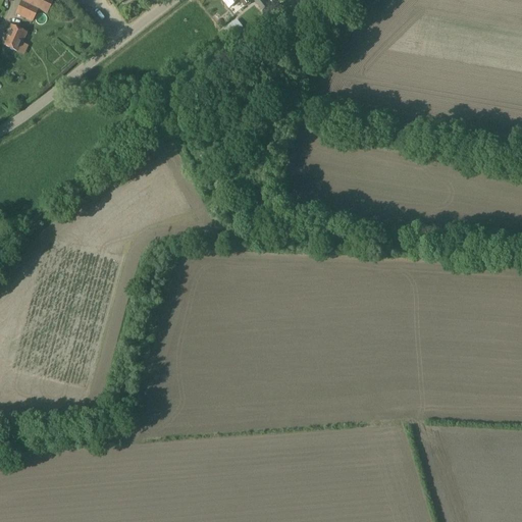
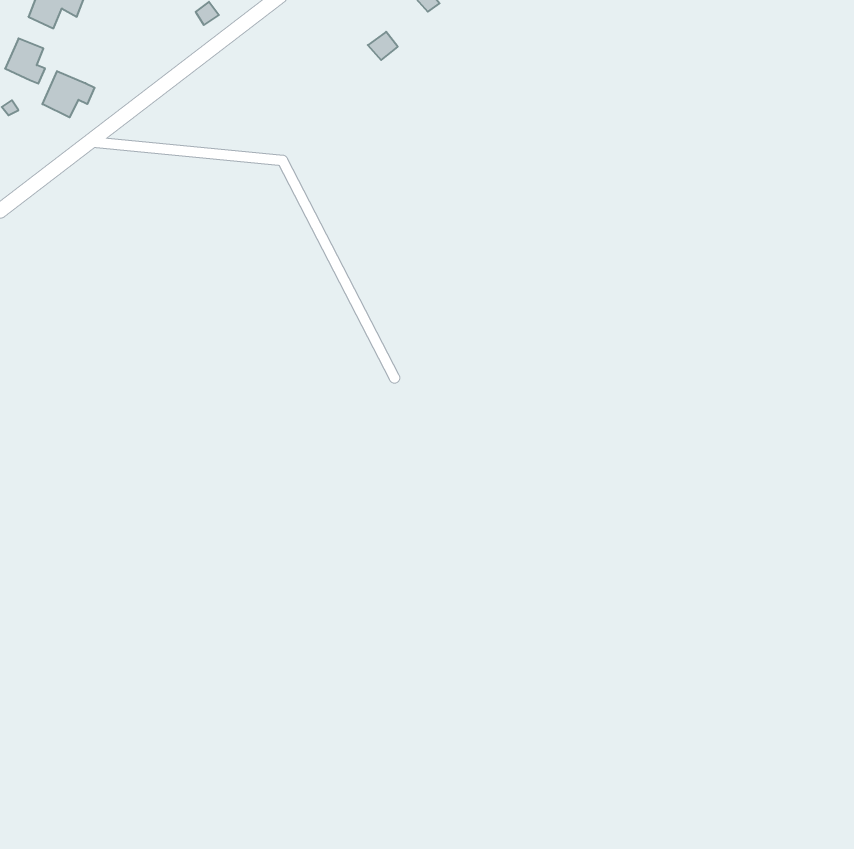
building: none -> [42,71,95,117]

